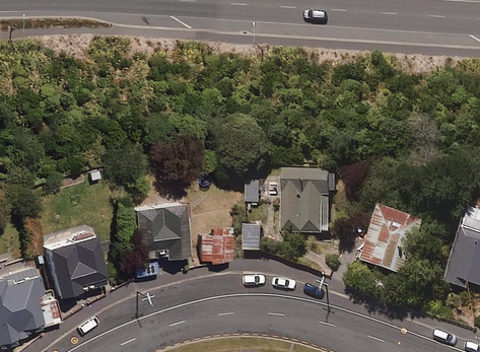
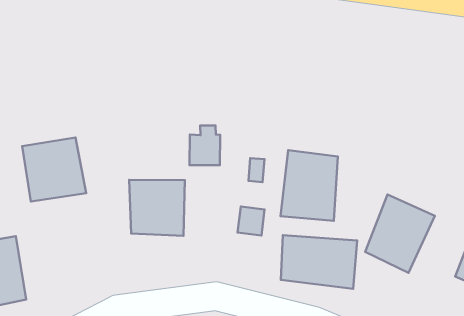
building: [199,224,229,263] -> [189,125,220,165]
building: [46,234,109,297] -> [22,137,86,202]
building: none -> [281,235,357,289]

